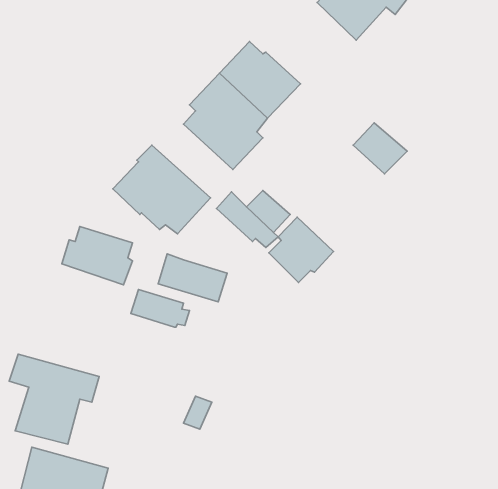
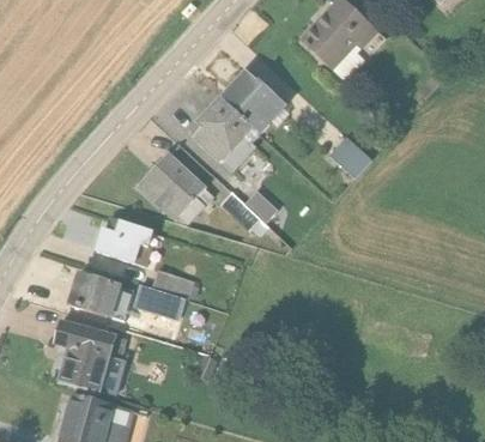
building: [269,217,333,283] -> none
building: [158,254,227,302] -> [131,283,186,321]
building: none -> [68,272,125,319]

